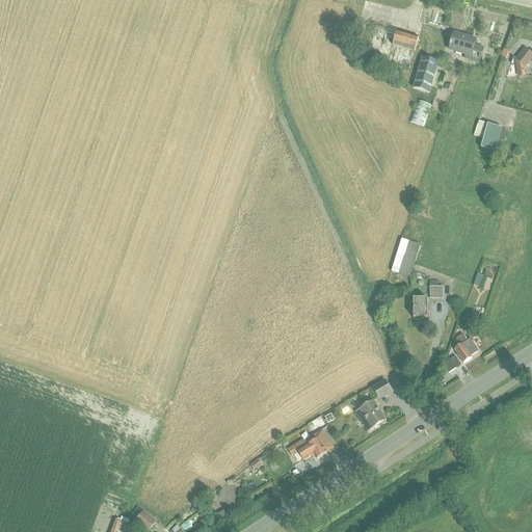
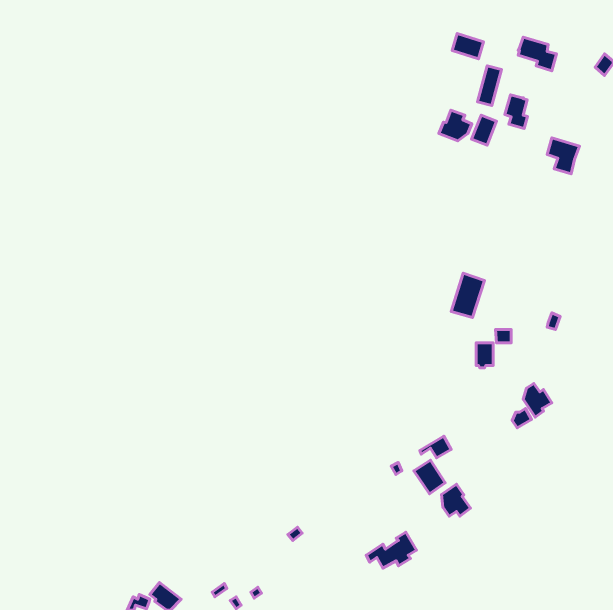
building: none -> [505,95,528,129]
building: none -> [439,110,472,141]
building: none -> [441,484,471,516]
building: [288,428,331,459] -> [366,532,417,568]

